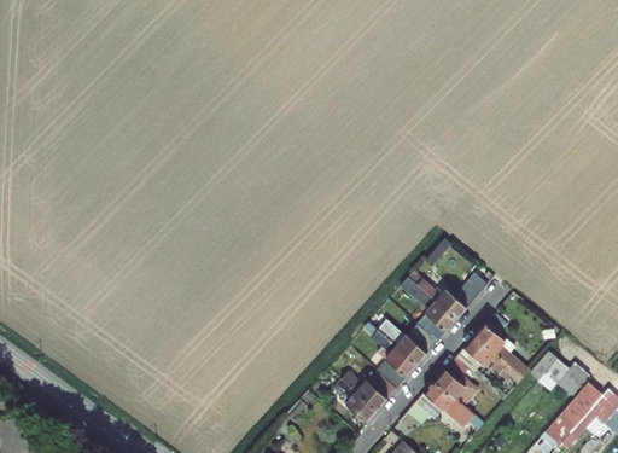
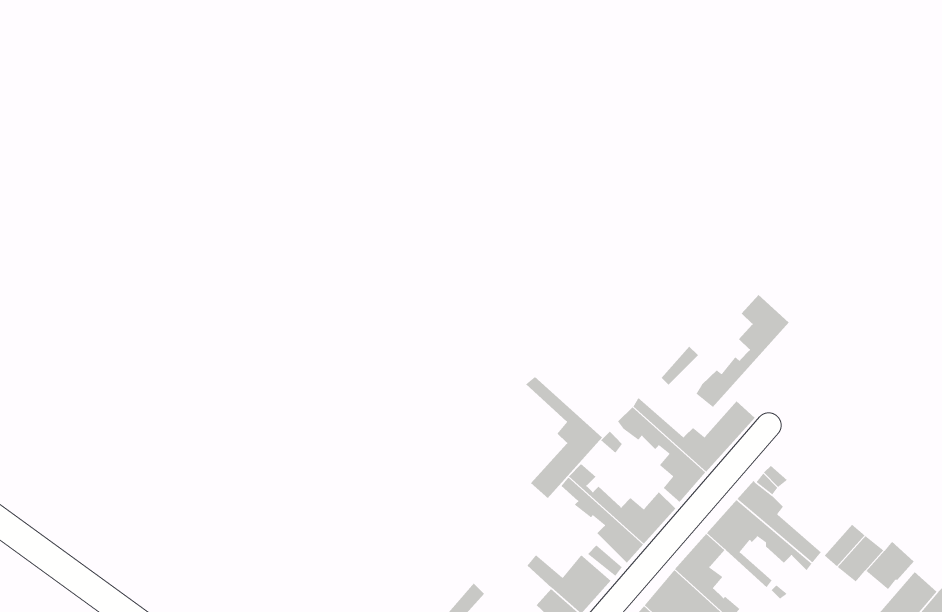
building: none -> [695,294,789,408]
building: none -> [525,376,603,499]

